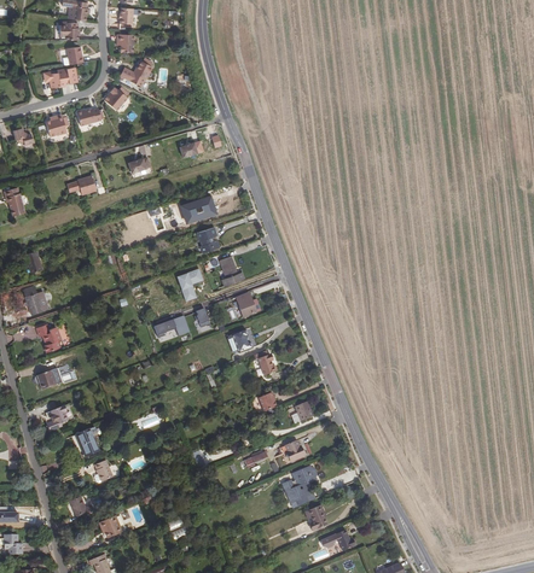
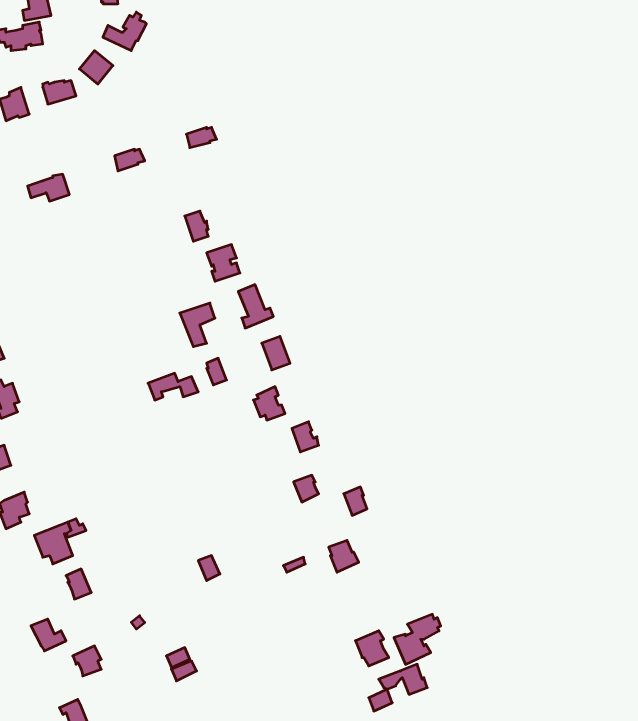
building: [283,466,317,502] -> [394,614,441,664]

